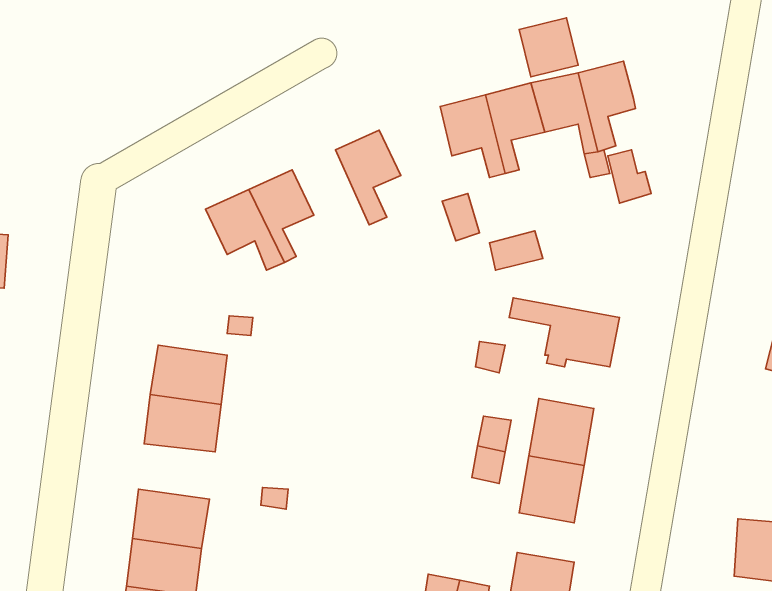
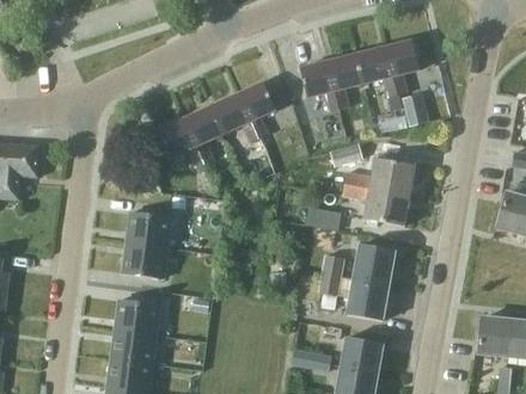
building: [519,18,578,77] -> none
building: none -> [210,94,257,142]
building: none -> [344,154,414,196]

